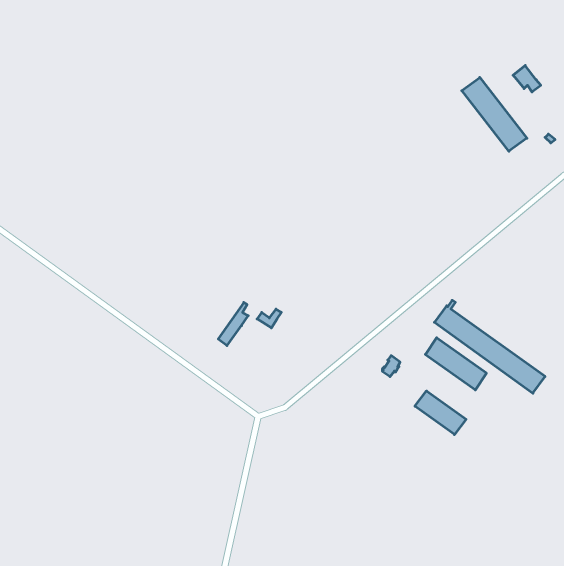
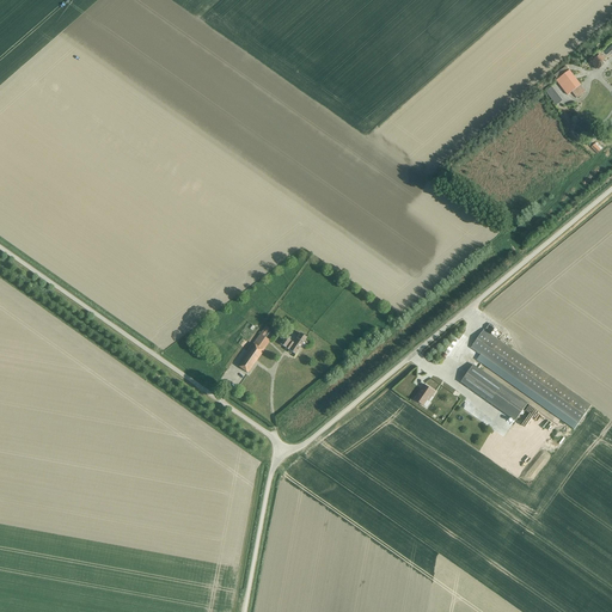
building: [462,77,527,151] -> none
building: [415,391,466,435] -> none

